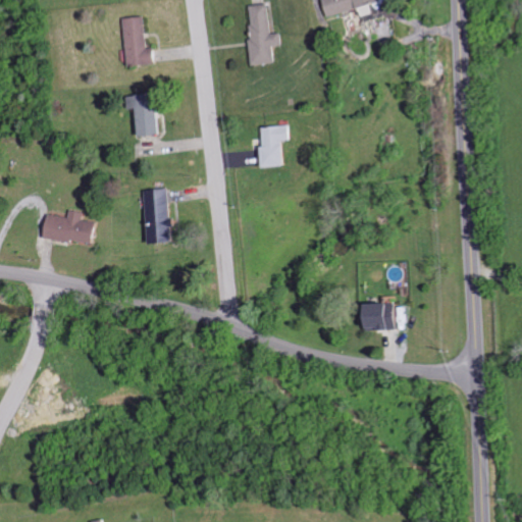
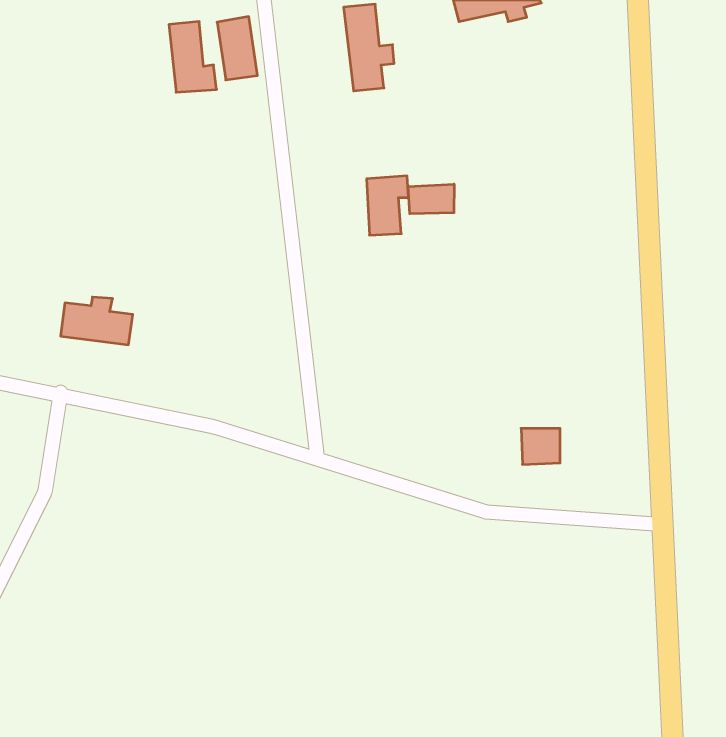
building: [130,91,159,136] -> [217,17,257,80]
building: none -> [408,184,454,214]
building: [141,188,170,244] -> none

